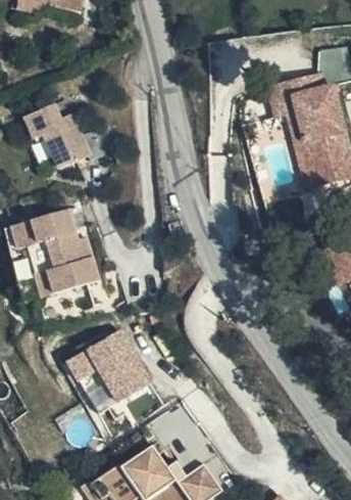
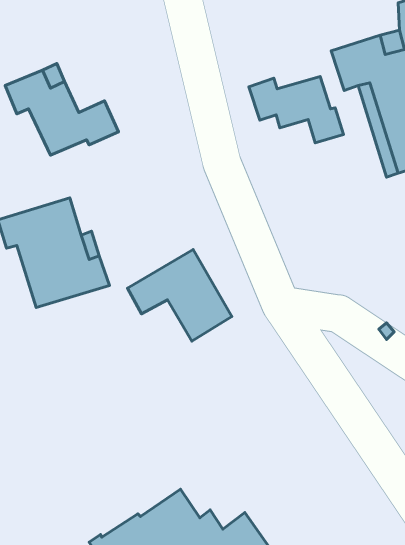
building: none -> [249,77,344,143]
building: [60,335,143,408] -> [127,249,232,341]

